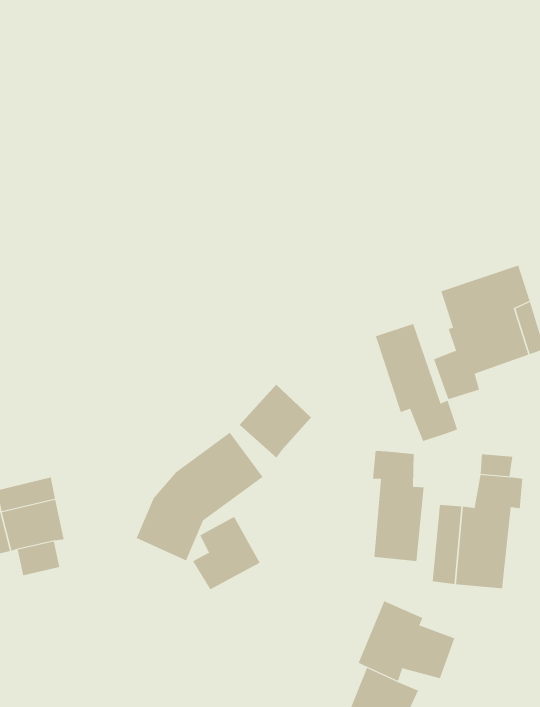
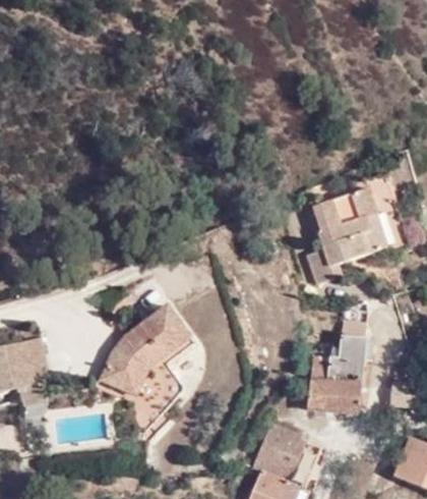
building: [375,323,458,442] -> none
building: [239,384,312,458] -> none
building: [372,450,424,562] -> none

